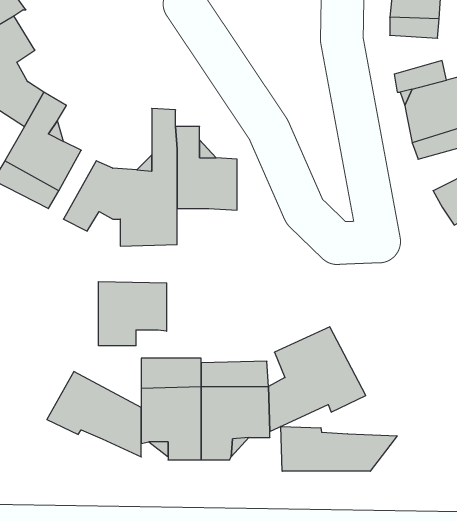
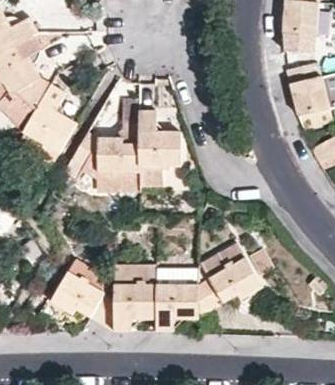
building: [99,282,167,346] -> none
building: [281,426,397,471] -> none

